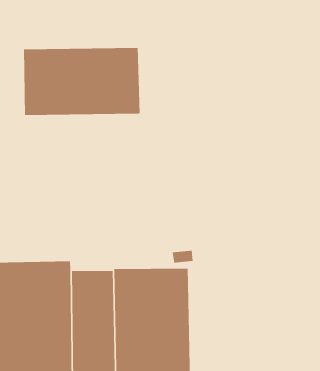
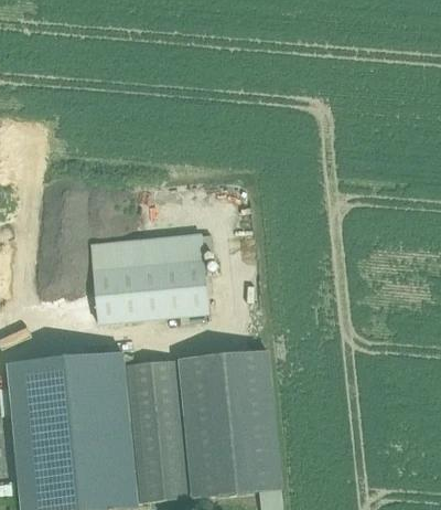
building: [24,47,140,116] -> none
building: none -> [90,234,208,323]

